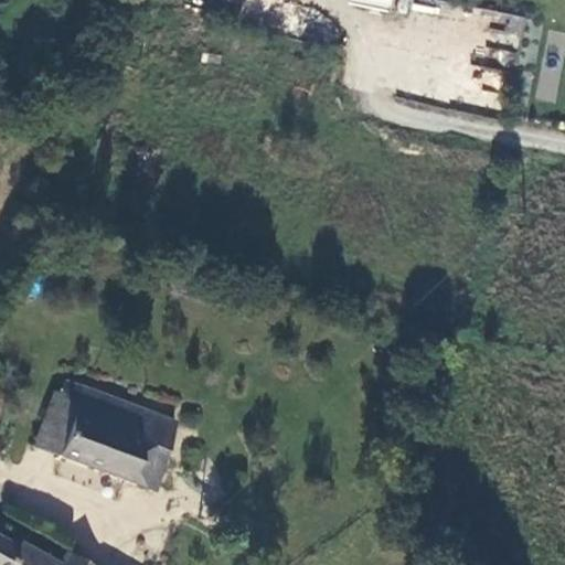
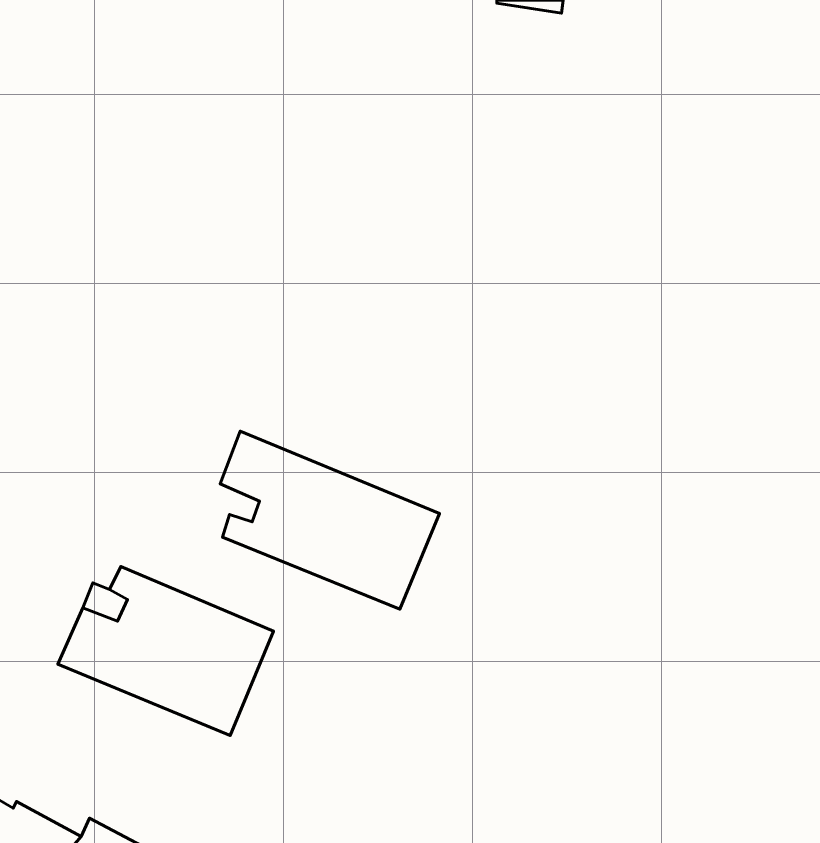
building: none -> [220,431,440,609]

